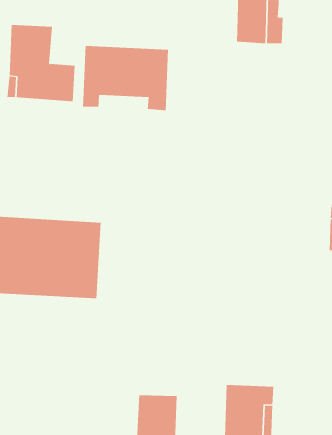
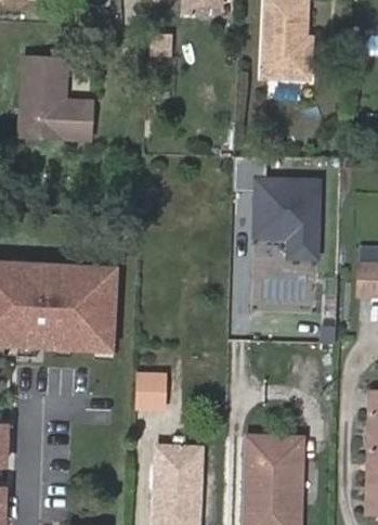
building: [82,45,169,111] -> none
building: none -> [234,155,320,259]
building: none -> [136,373,166,410]

